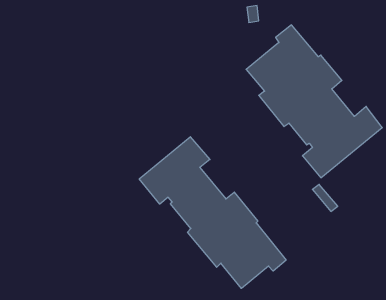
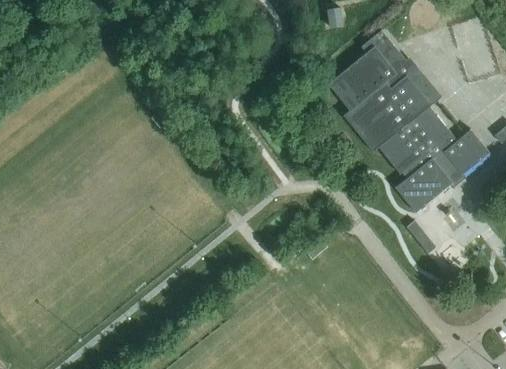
building: [139,137,286,288] -> none

